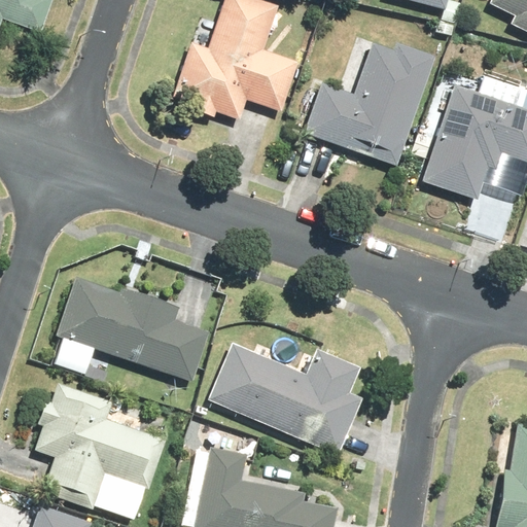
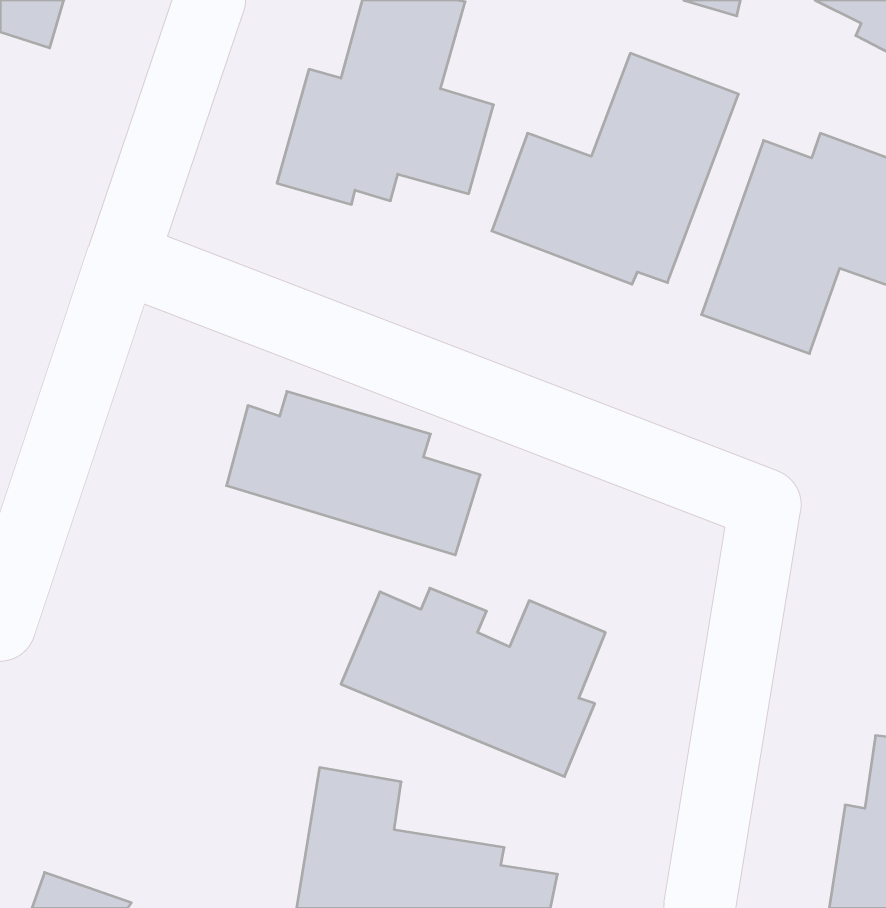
building: [60,282,207,377] -> [226,391,480,555]
building: [32,381,166,521] -> none

